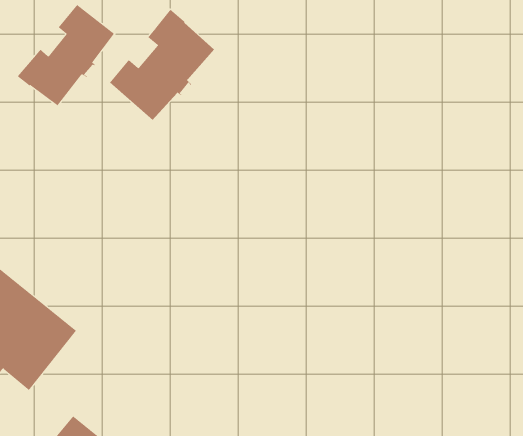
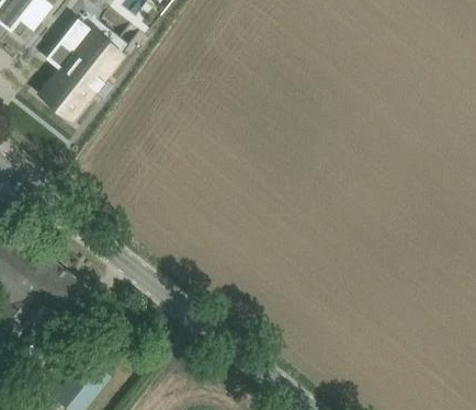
building: [109,9,215,121] -> none

